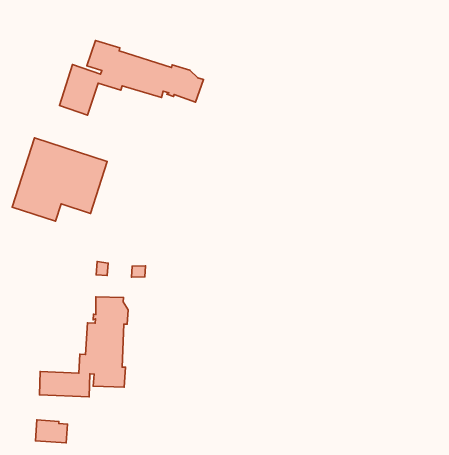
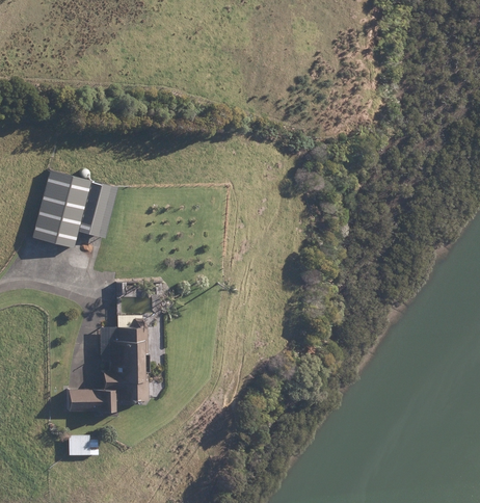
building: [59,41,203,115] -> none

